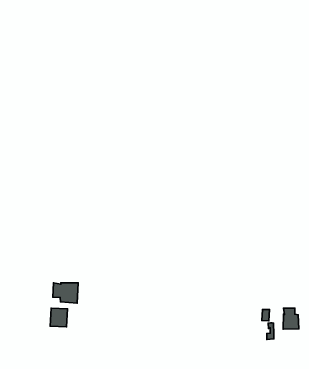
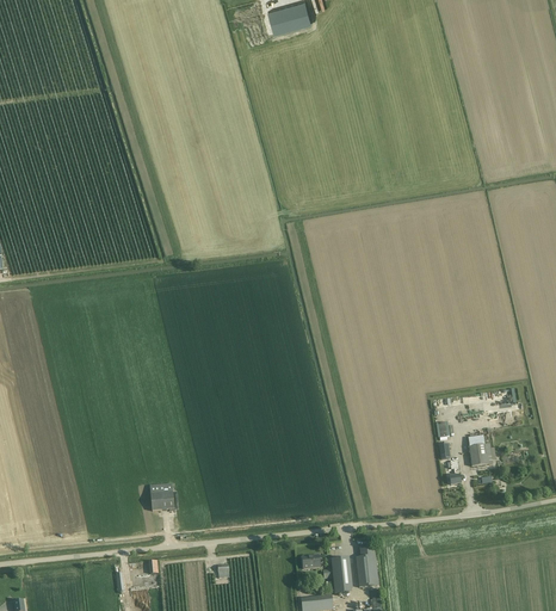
building: [53,283,78,303] -> none

